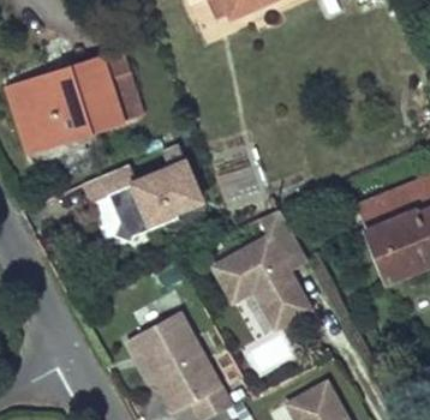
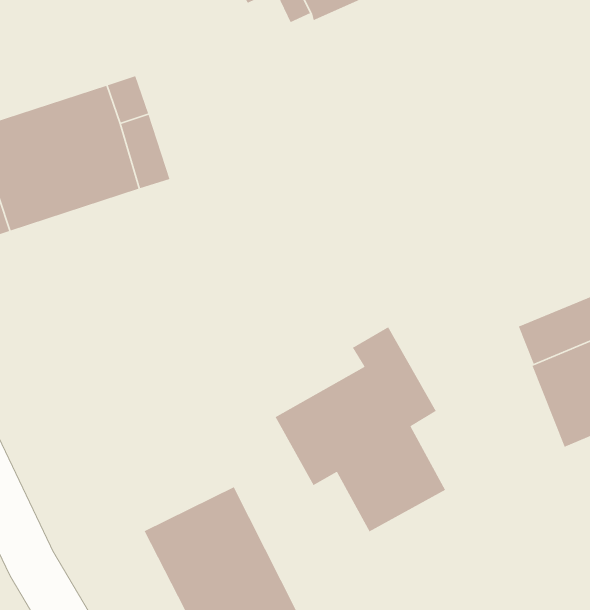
building: [80,155,205,244] -> none
building: [245,334,294,376] -> none

